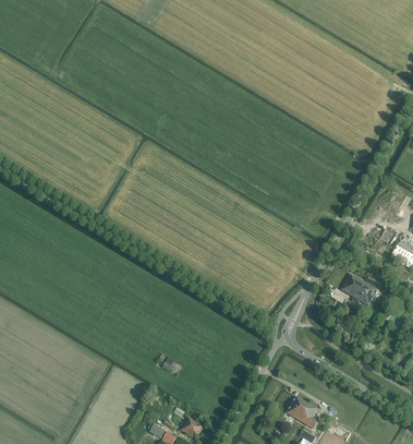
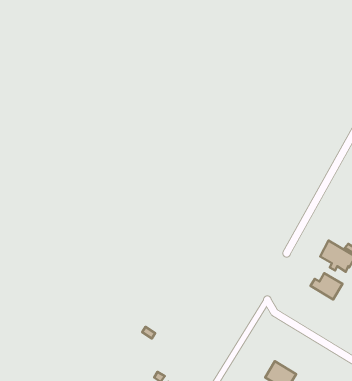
building: none -> [310,273,342,300]

